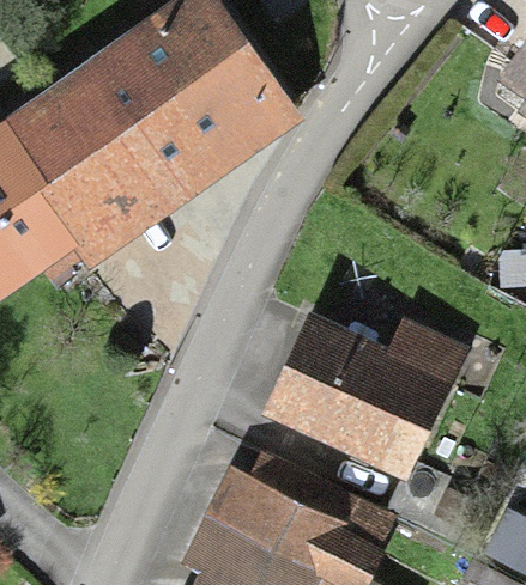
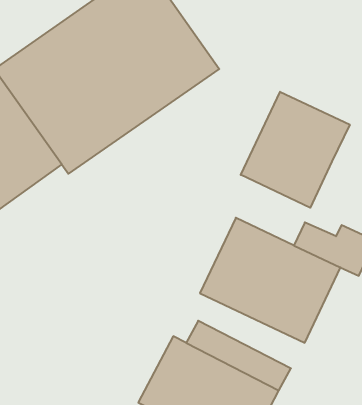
building: none -> [241,92,350,208]

